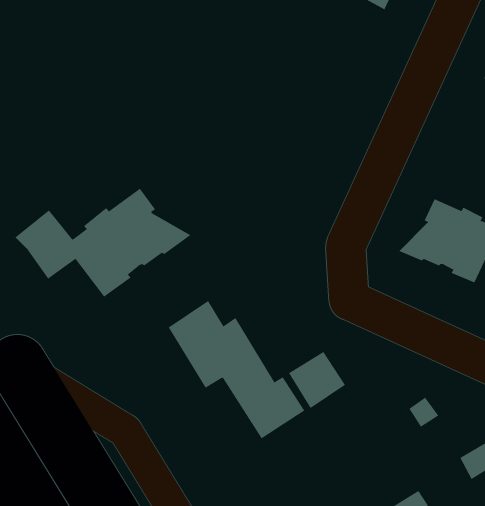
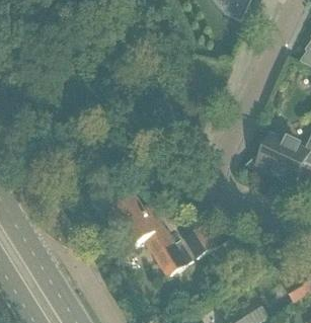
building: [14,188,191,297] -> none

